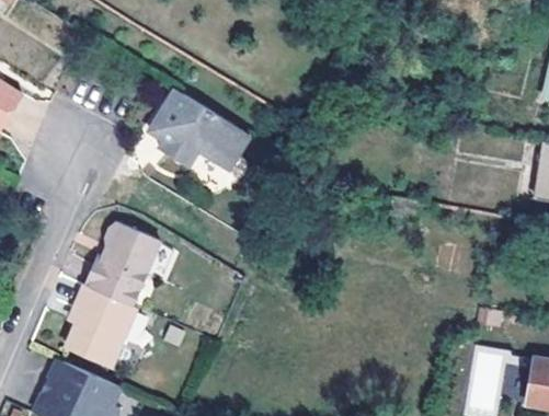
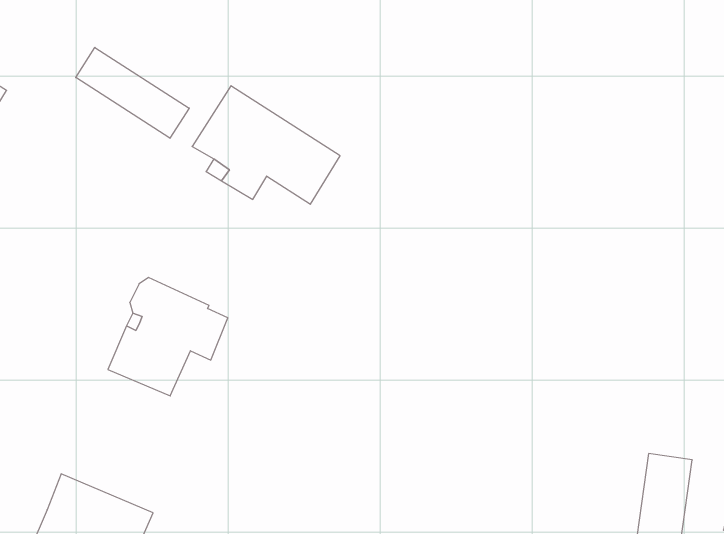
building: none -> [76,47,189,138]
building: [69,287,136,367] -> none

